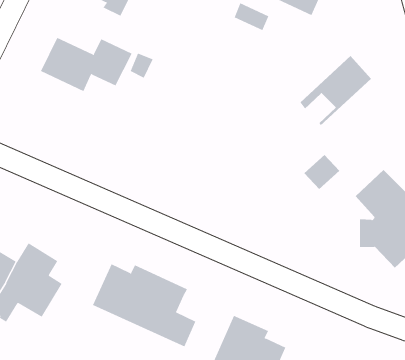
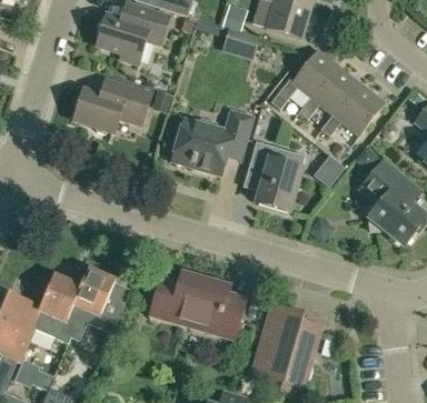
building: none -> [271,49,339,113]
building: none -> [322,84,384,135]
building: none -> [170,111,252,173]
building: none -> [249,142,304,210]

